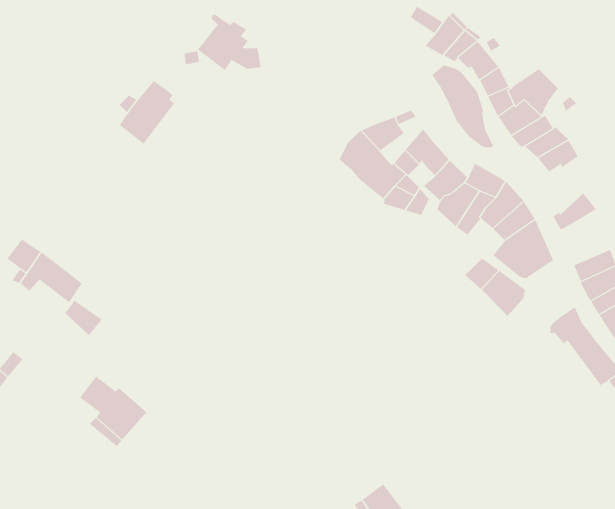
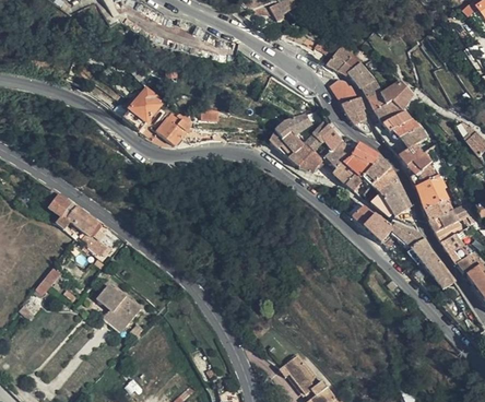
building: [197,13,262,71] -> [157,106,200,144]
building: none -> [398,143,431,176]
building: none -> [415,173,447,210]
building: none -> [391,223,425,248]

